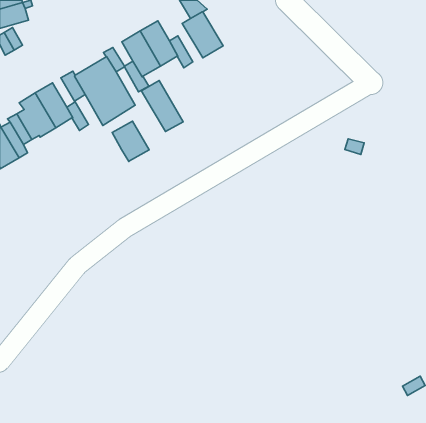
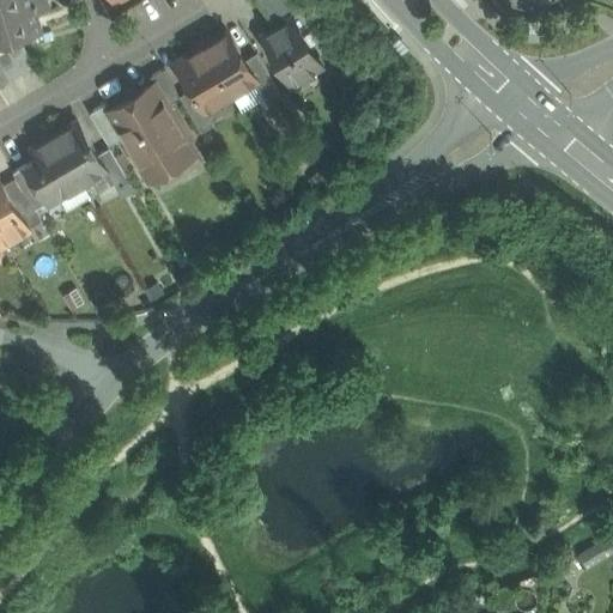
building: [141,80,183,132] -> none
building: [112,121,149,162] -> none

